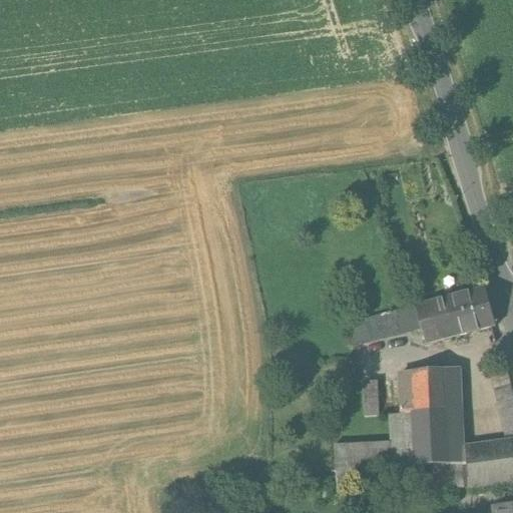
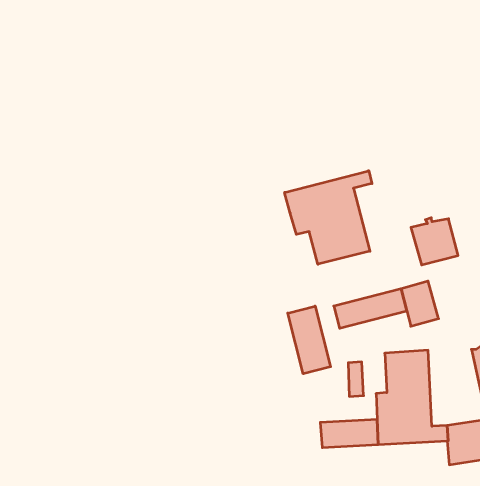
building: none -> [285,171,372,264]
building: [458,283,507,332] -> [411,218,458,265]
building: none -> [288,306,331,374]

